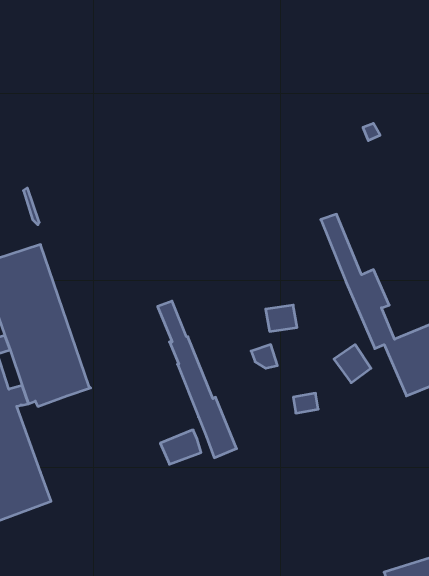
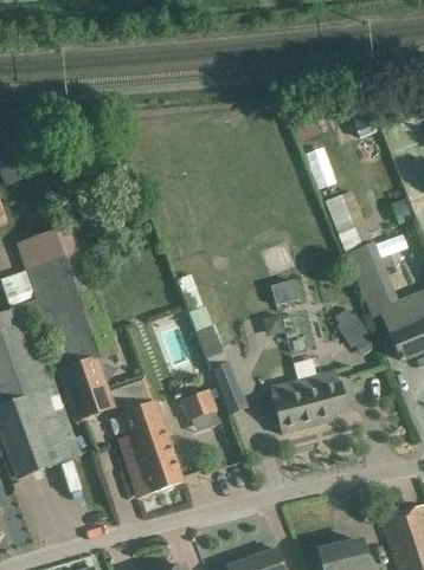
building: none -> [56,360,182,497]
building: none -> [271,370,348,434]

